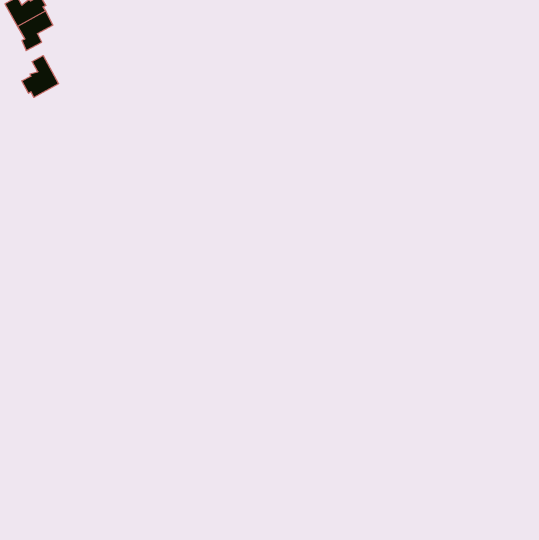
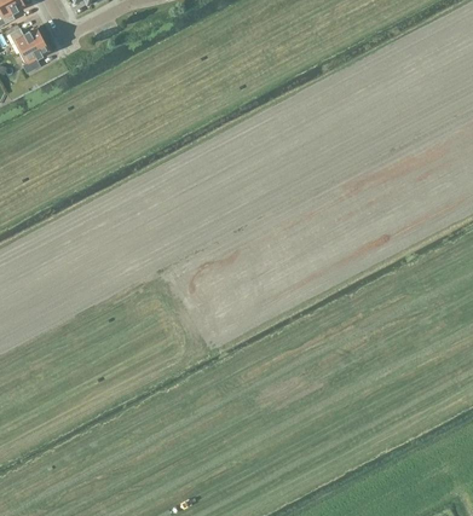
building: [22,56,59,97] -> none

